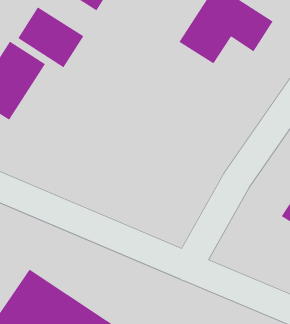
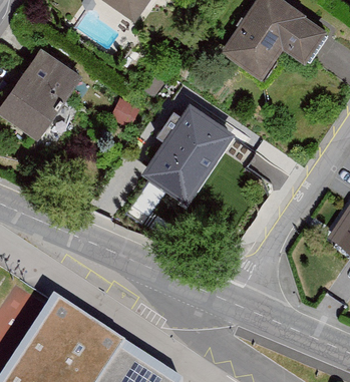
building: [17,6,84,68] -> none
building: none -> [143,92,229,196]

